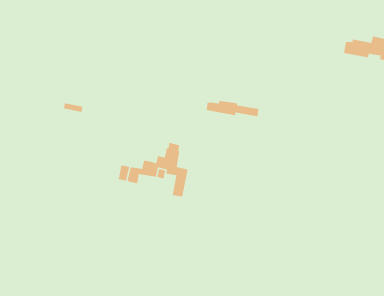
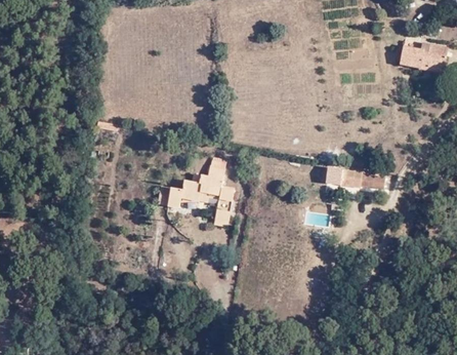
building: [206,100,260,117] -> [325,168,383,187]

